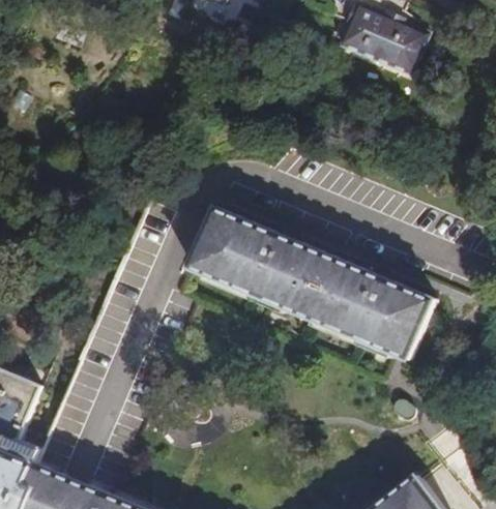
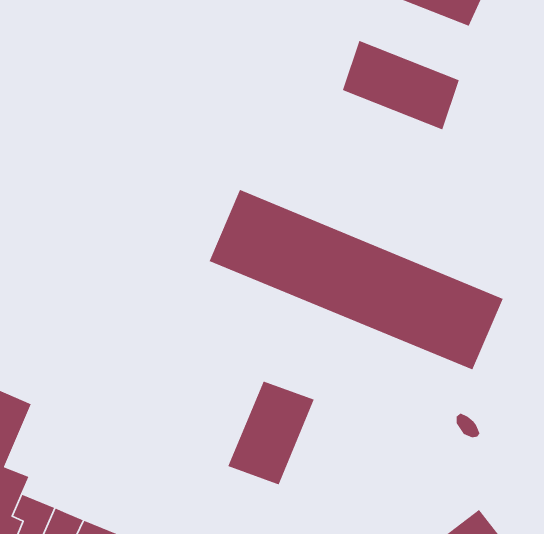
building: none -> [342,40,460,130]
building: none -> [227,380,315,485]

